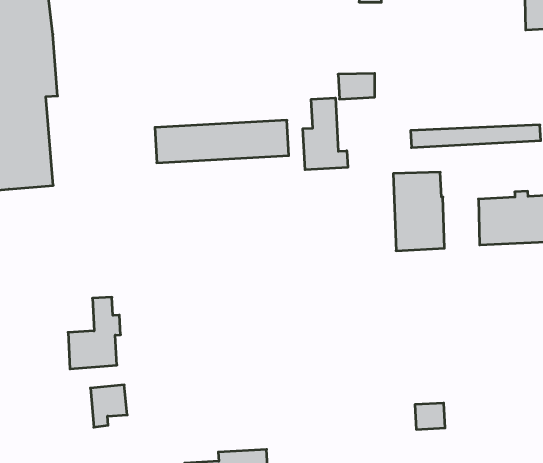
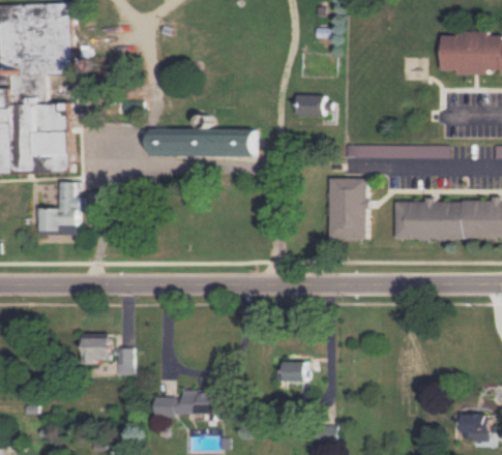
building: [303,98,348,170] -> none
building: [68,297,121,369] -> [35,183,77,238]
building: [415,403,445,429] -> [284,361,306,381]
building: none -> [111,347,134,373]

